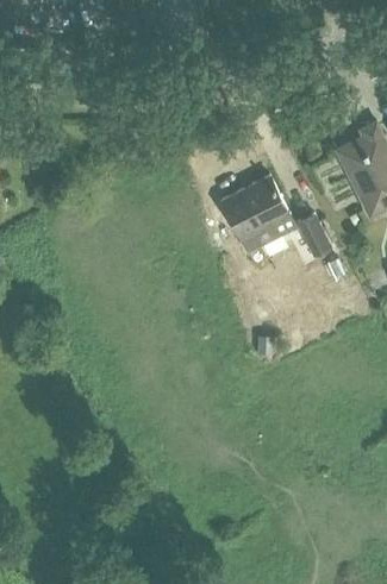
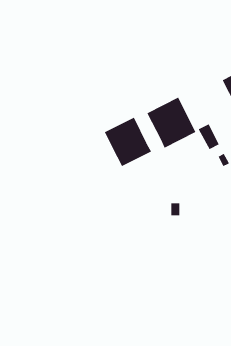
building: none -> [104,117,152,167]

